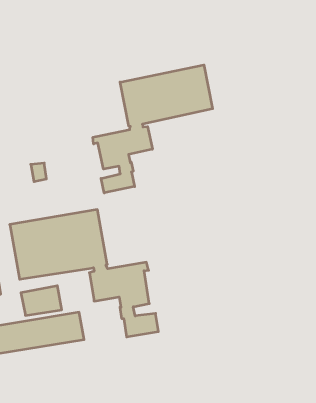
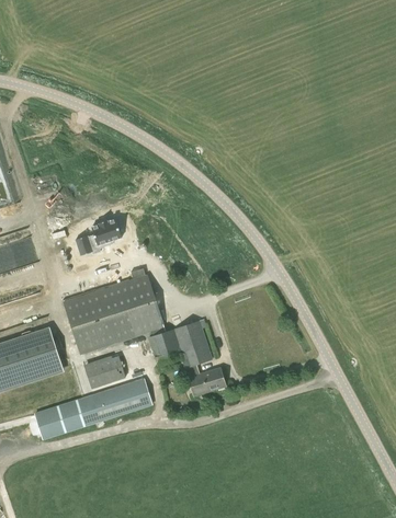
building: [93,65,213,193] -> none
building: none -> [91,219,122,245]

